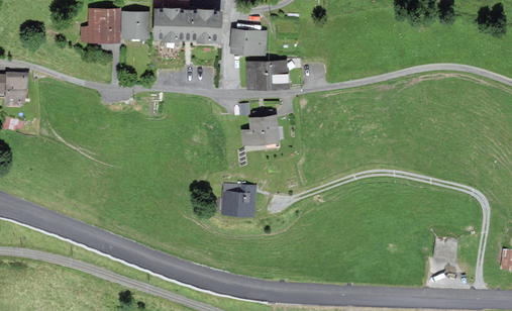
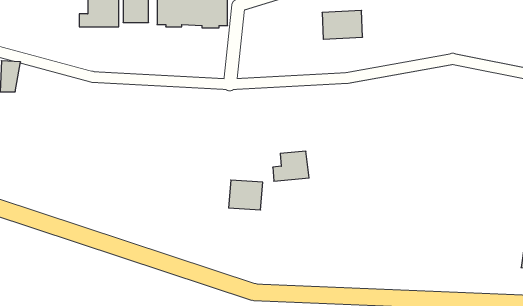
building: [231,30,266,56] -> none
building: [248,62,287,89] -> [322,10,363,39]
building: [243,117,278,145] -> [273,151,309,181]

